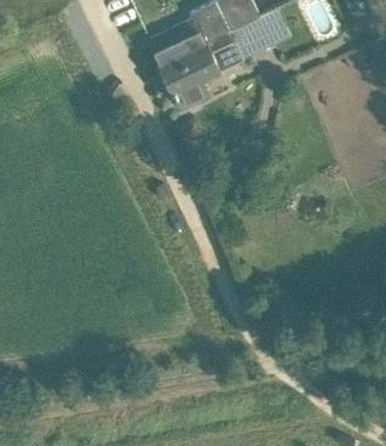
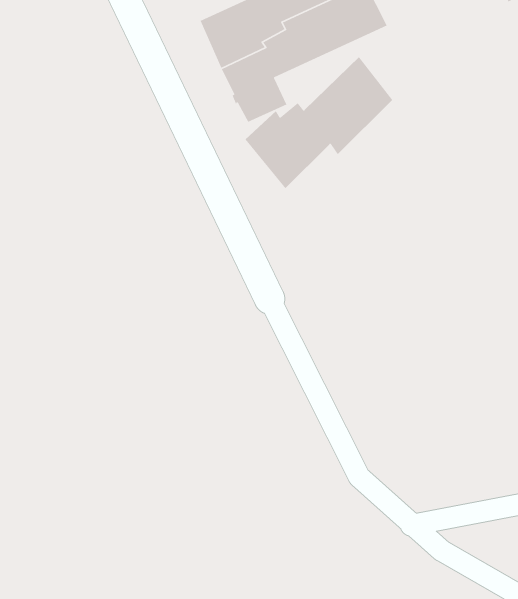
building: none -> [245,56,393,189]

